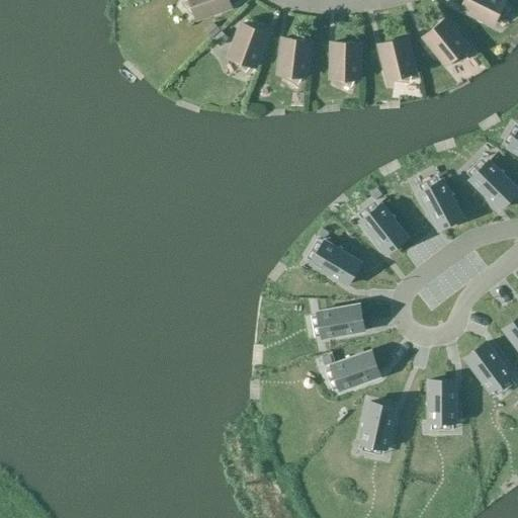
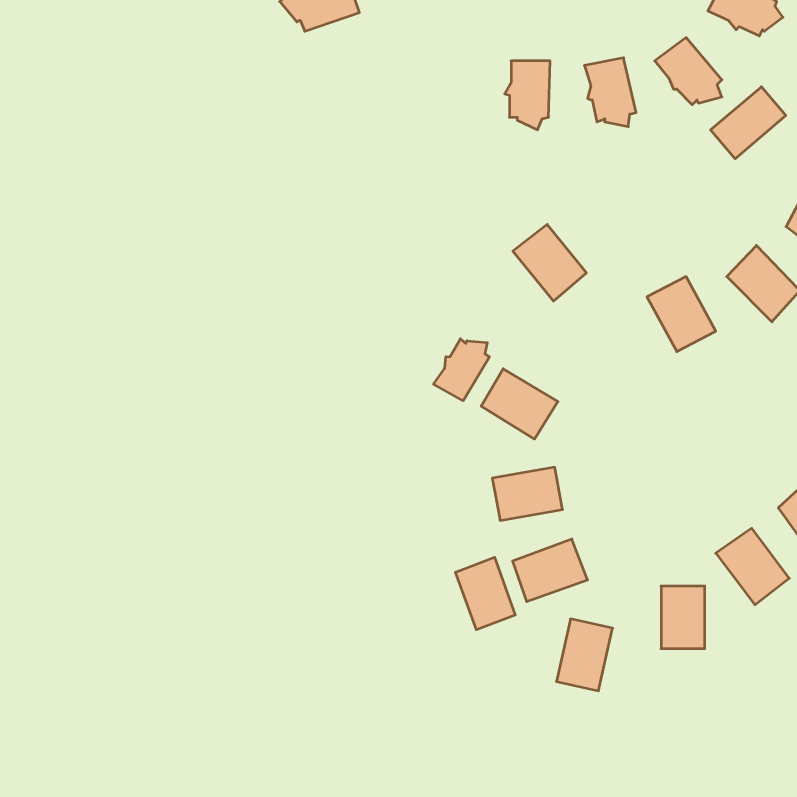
building: [225,32,262,81] -> none
building: [276,41,307,88] -> none
building: none -> [711,87,786,159]
building: [361,203,409,253] -> [513,224,586,301]
building: none -> [434,339,489,401]
building: none -> [456,557,515,630]

